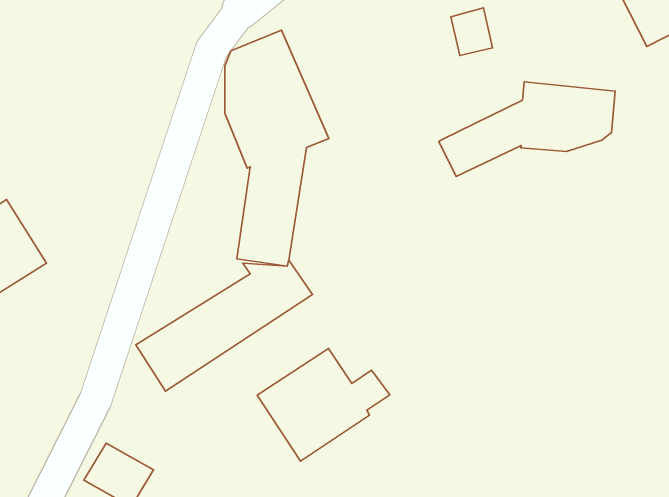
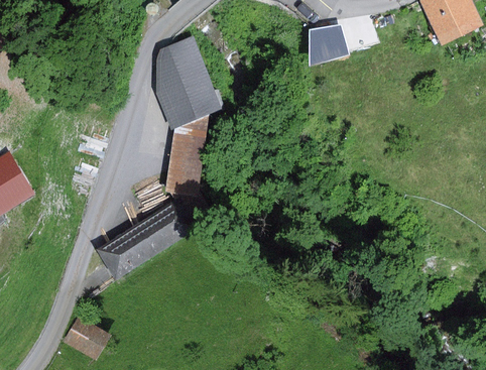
building: [439,82,615,176] -> none
building: [257,349,390,461] -> none

